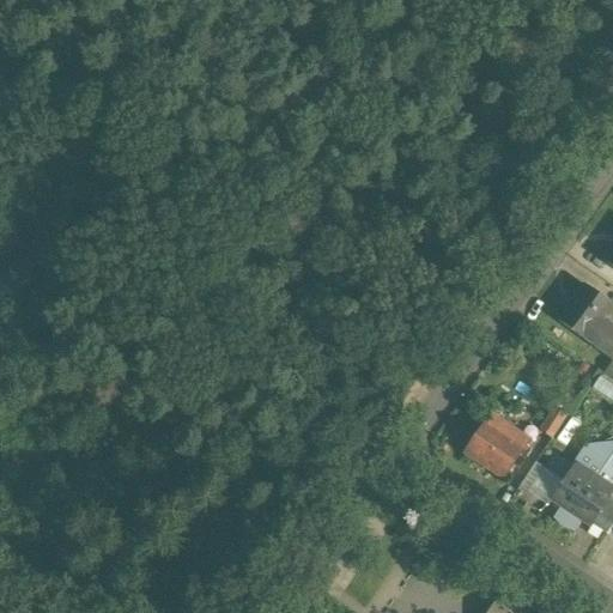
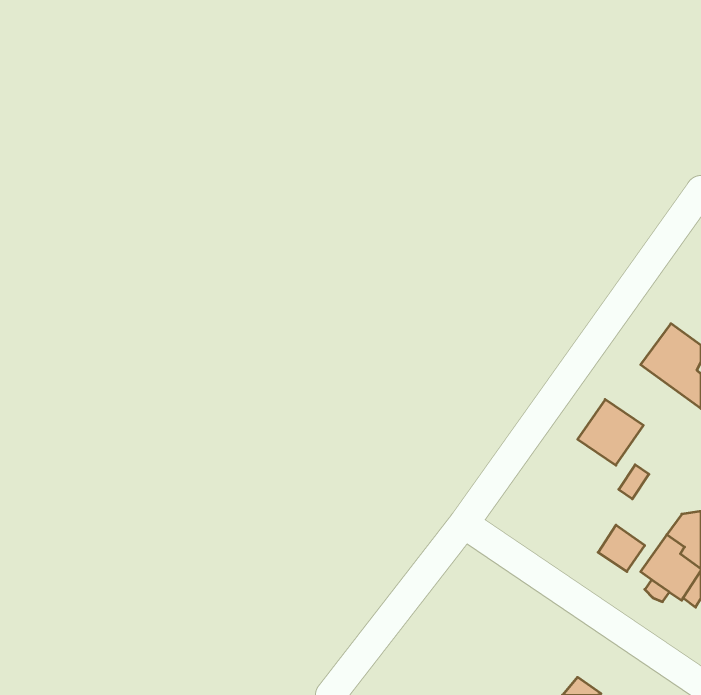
building: [472,415,529,473] -> [578,399,643,465]

